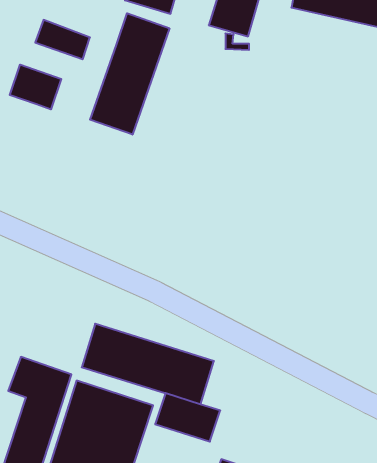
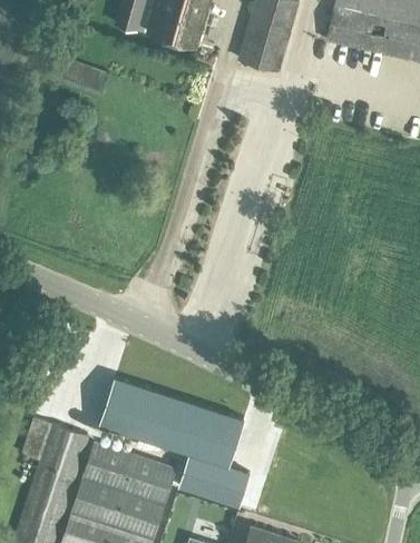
building: [90,13,169,135] -> none
building: [10,65,61,109] -> none

